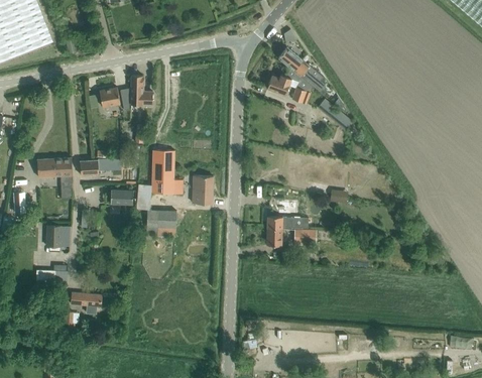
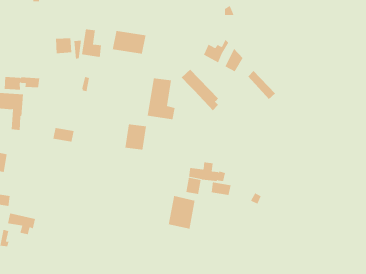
building: [278,46,325,91] -> [181,69,219,111]
building: none -> [112,30,146,54]
building: [151,148,183,193] -> [147,78,176,120]
building: [80,157,120,174] -> [4,77,40,90]
building: [147,209,176,235] -> none
building: none -> [168,195,195,230]

